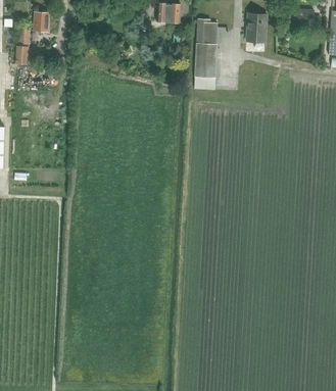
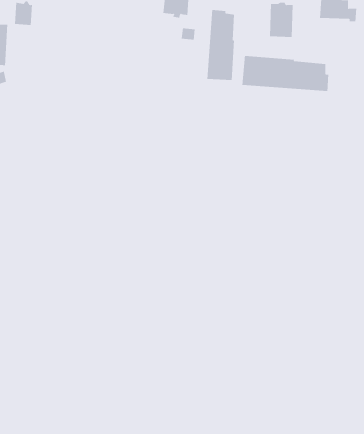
building: none -> [242,55,329,92]

